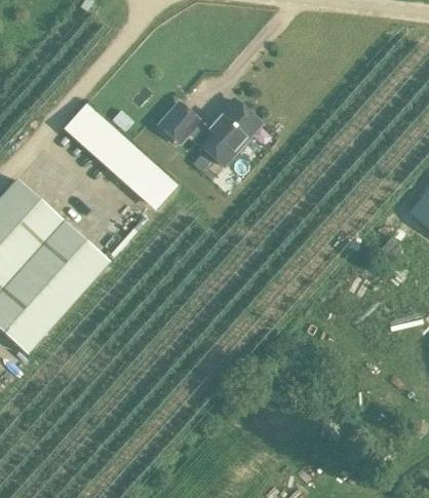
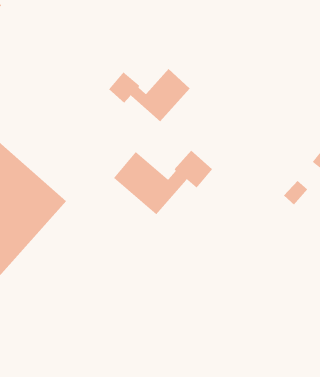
building: [67,104,178,205] -> none
building: none -> [113,150,213,215]

